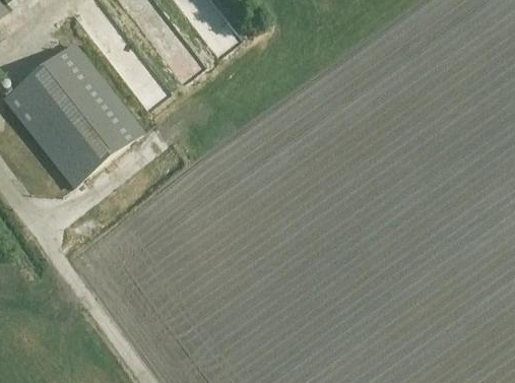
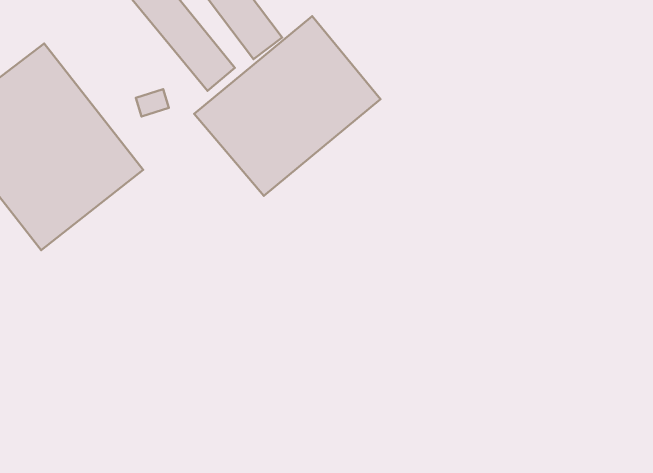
building: none -> [194,16,380,196]

